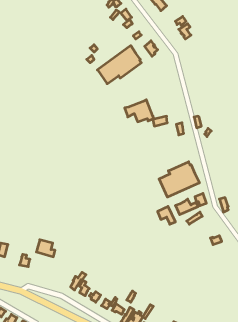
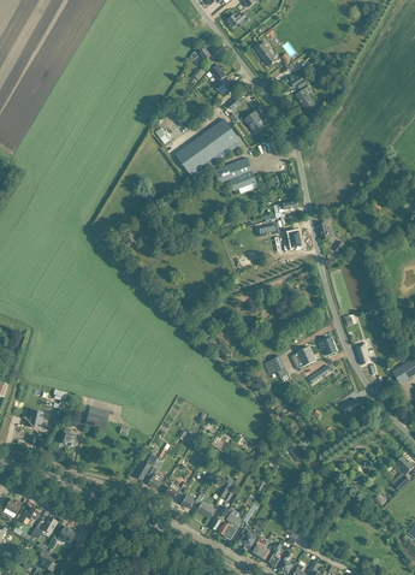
building: [125,100,154,122] -> [213,158,256,190]
building: [159,162,199,197] -> none

